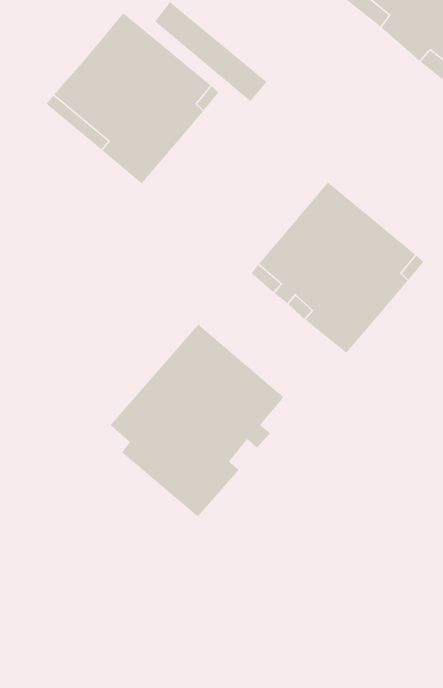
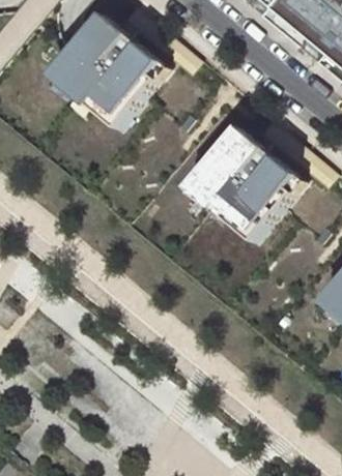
building: [109,324,284,518] -> none

